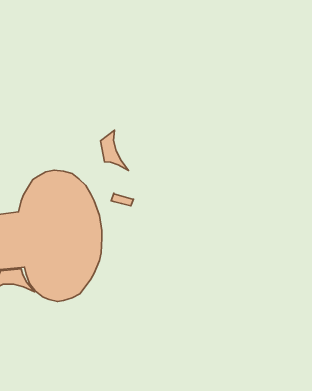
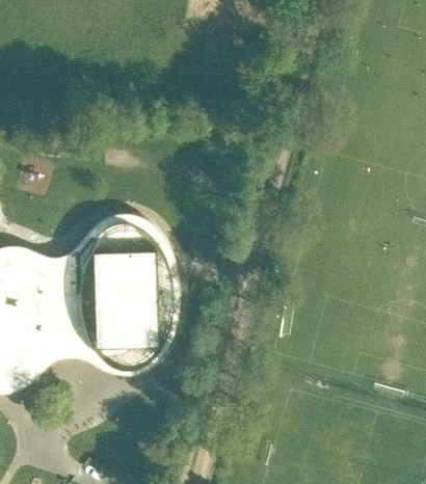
building: [101,130,129,170] -> none

